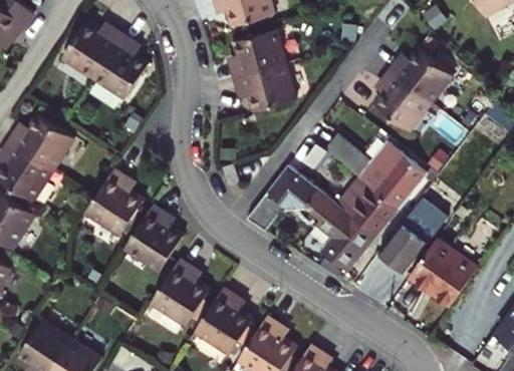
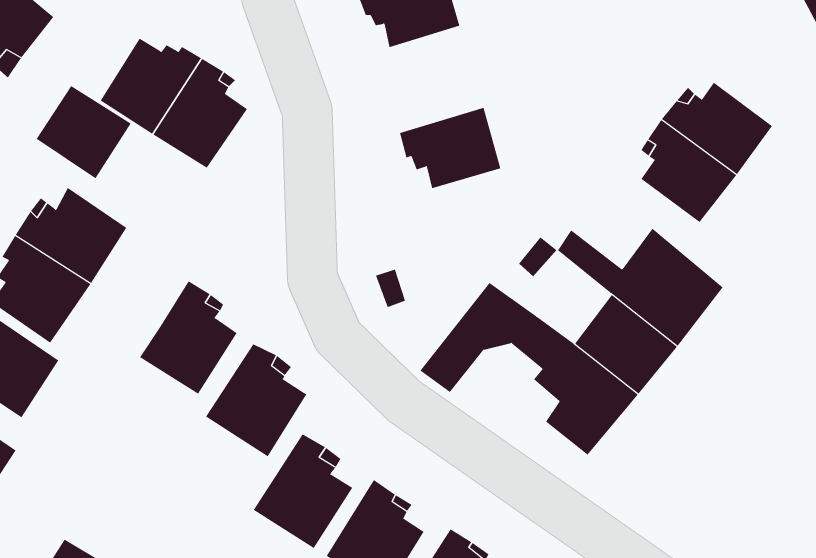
building: [232,31,286,80] -> none
building: none -> [36,85,132,179]
building: [381,205,443,271] -> none
building: [413,244,475,302] -> none

